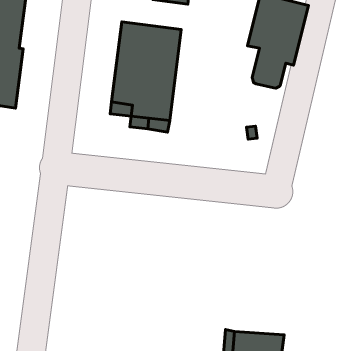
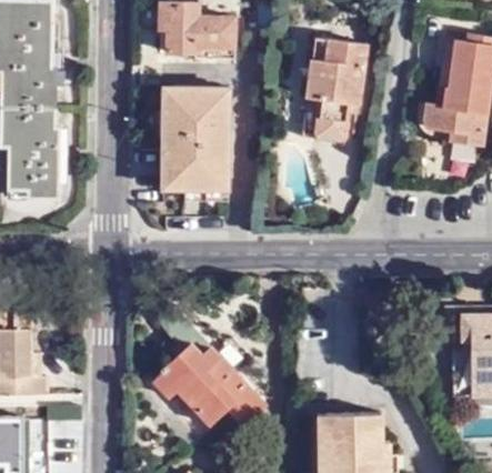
building: none -> [151,304,280,439]

